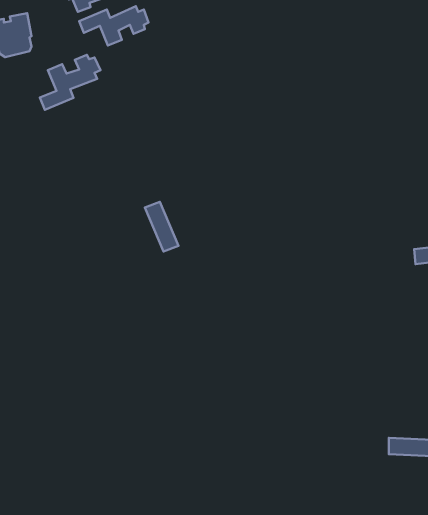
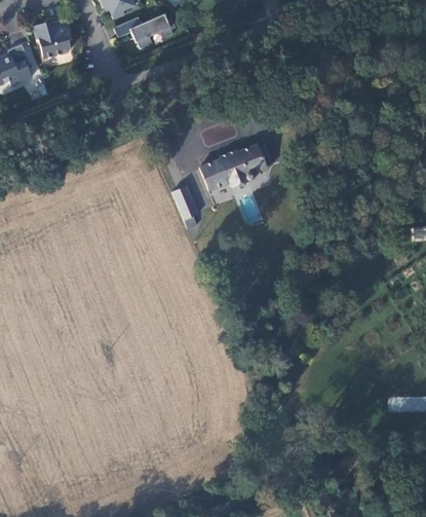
building: [40,55,100,110] -> none
building: none -> [201,144,275,190]

